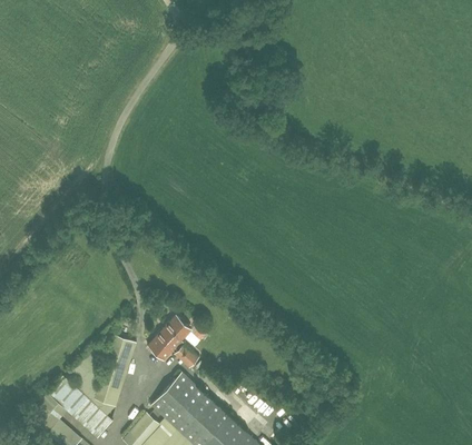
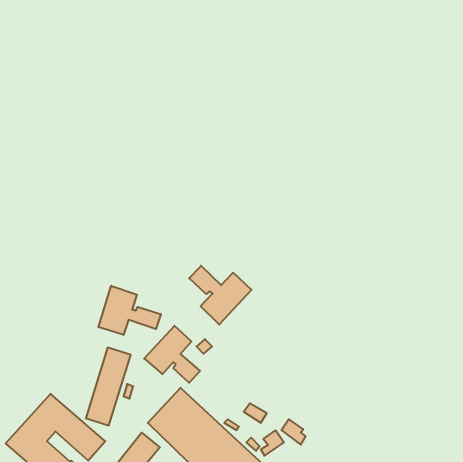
building: none -> [189,266,252,325]
building: none -> [98,286,161,335]

